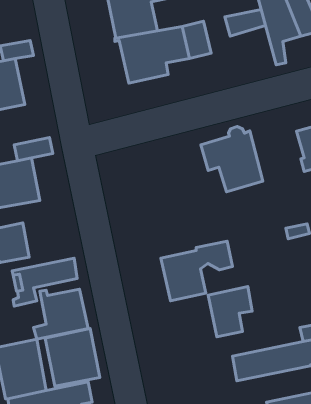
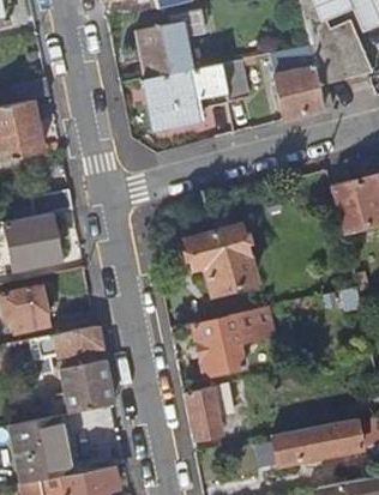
building: none -> [273,65,325,120]
building: [201,127,263,192] -> [185,221,254,294]
building: [208,287,252,337] -> [185,382,234,439]

